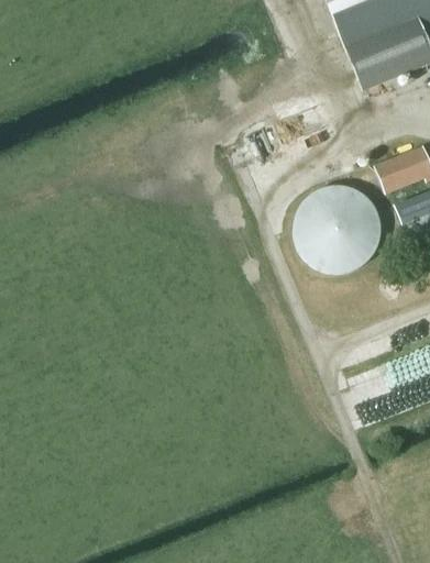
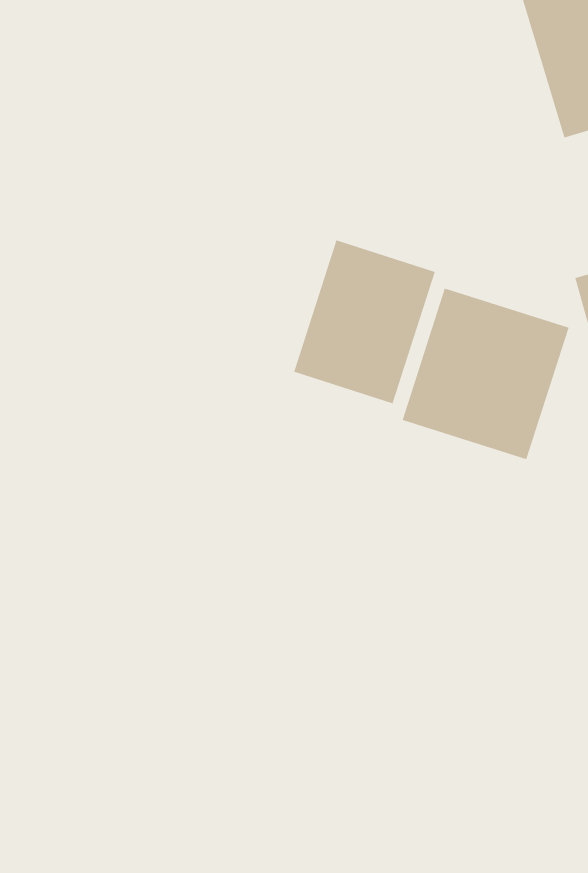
building: none -> [294,240,435,404]

